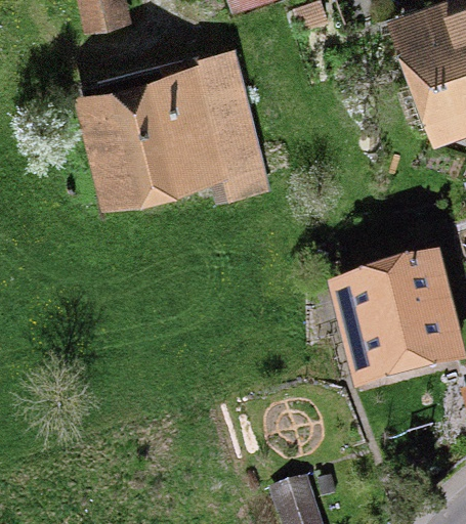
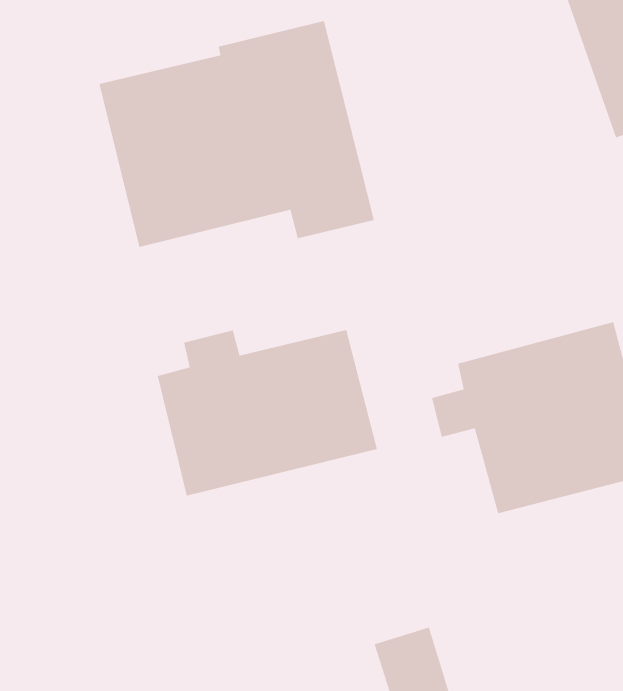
building: none -> [157,329,378,496]

